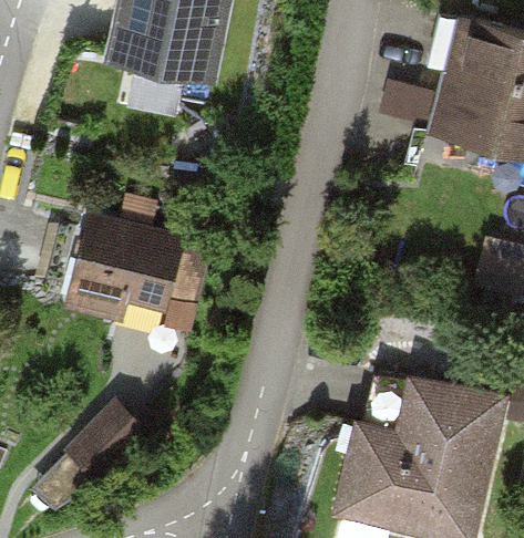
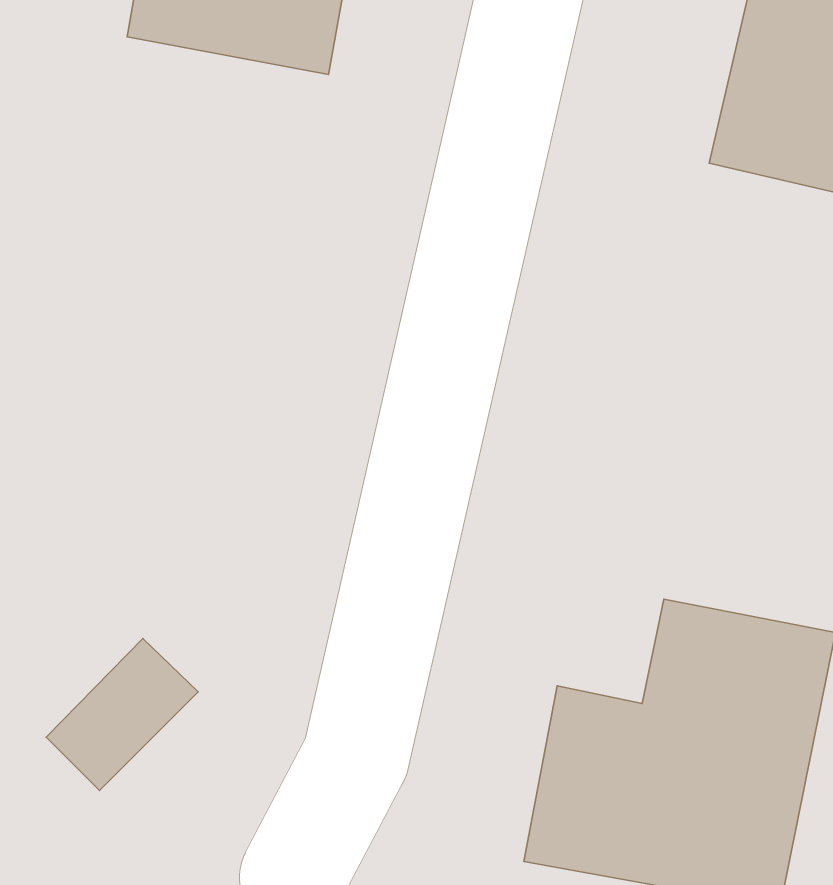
building: [66,214,187,332] -> none

